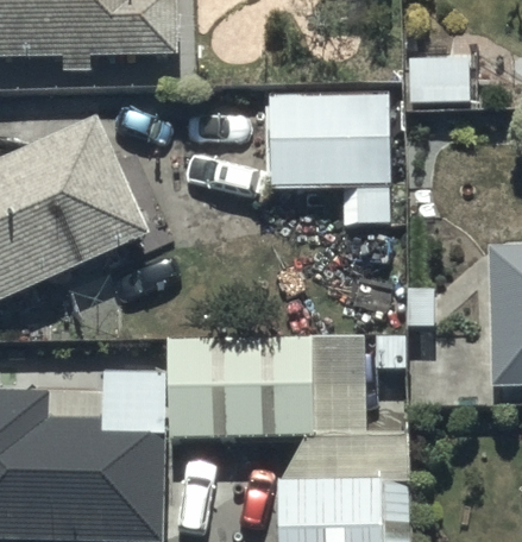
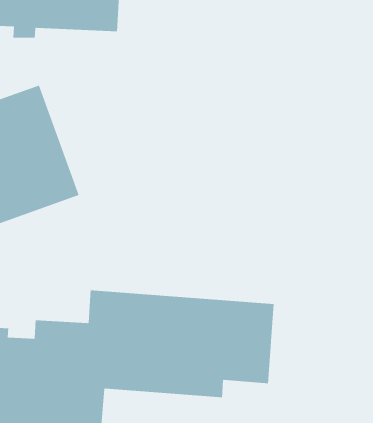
building: [270,89,392,222] -> none

